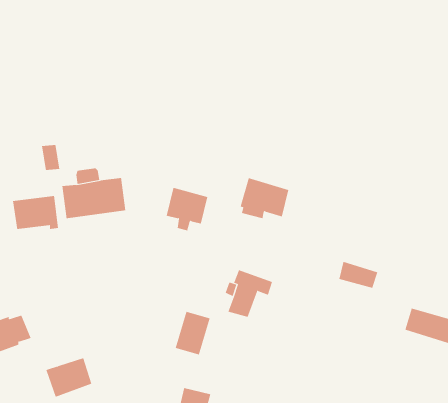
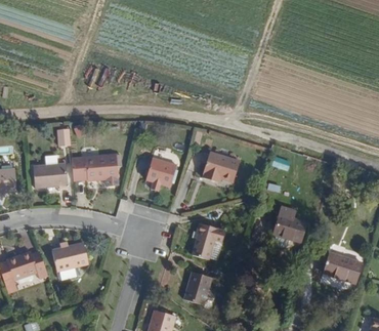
building: [175,311,210,355] -> [183,268,210,301]
building: [45,358,92,397] -> [49,243,84,273]

